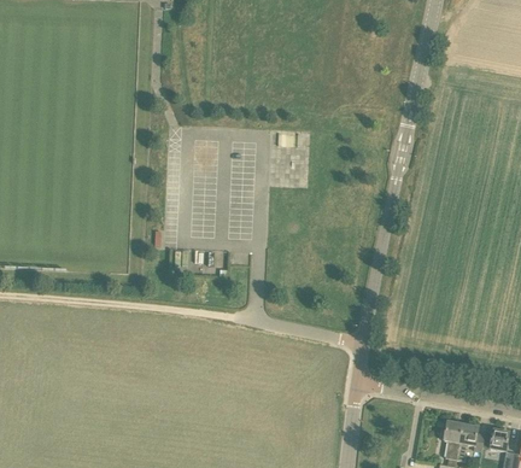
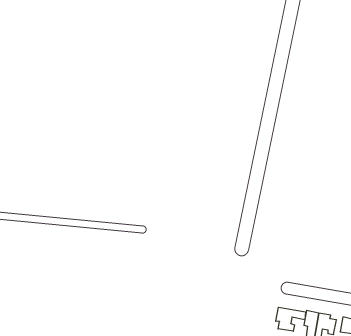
building: none -> [276,307,306,331]

